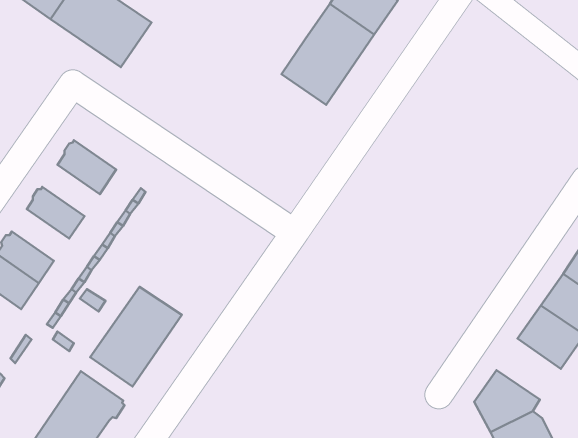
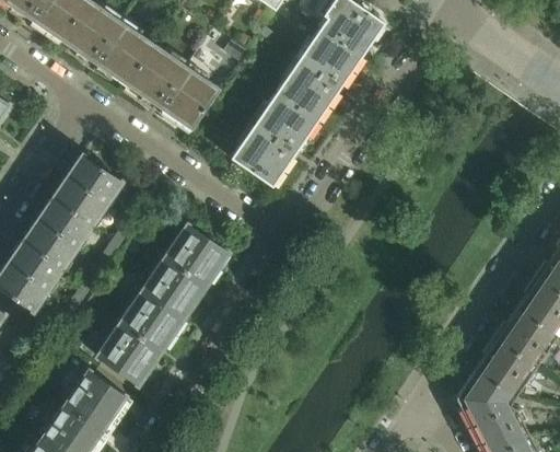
building: none -> [126,44,220,130]
building: none -> [230,92,317,186]
building: none -> [52,176,106,224]
building: none -> [24,218,78,266]
building: none -> [143,224,226,316]
building: none -> [476,338,536,395]

